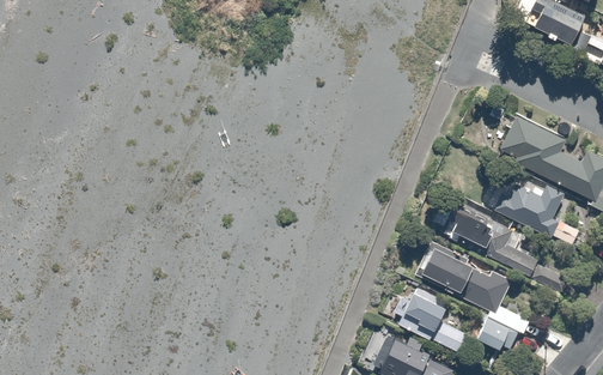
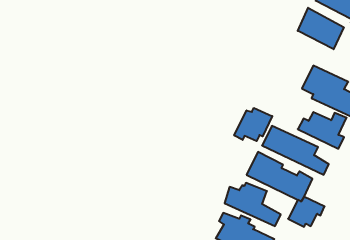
building: none -> [298,8,344,49]
building: none -> [234,108,272,141]

